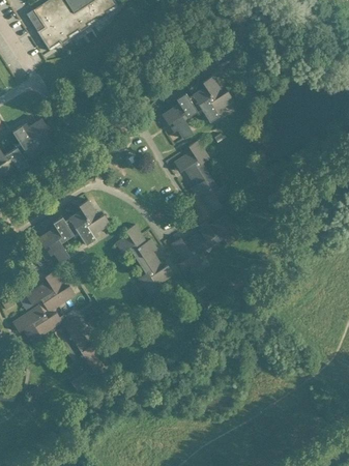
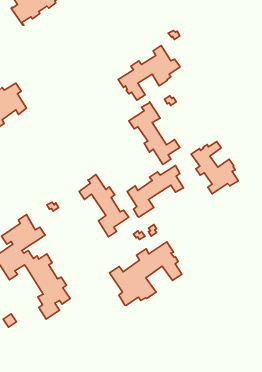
building: none -> [191,141,238,194]
building: [37,198,110,261] -> none
building: none -> [110,242,182,306]

